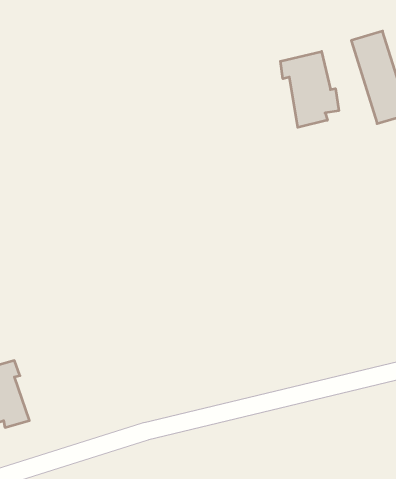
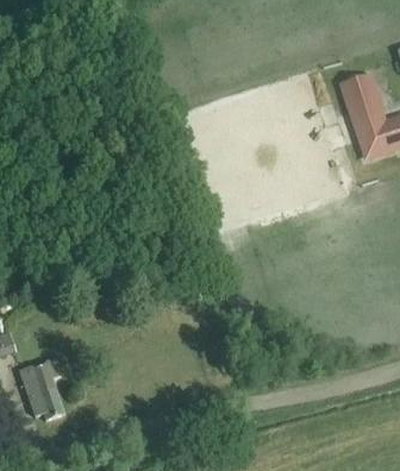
building: [280,51,339,127] -> none

